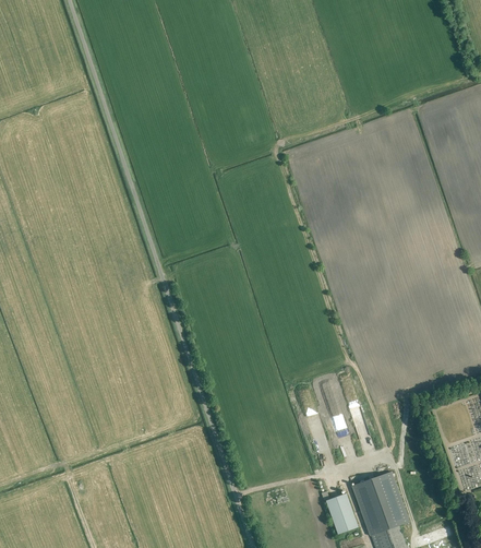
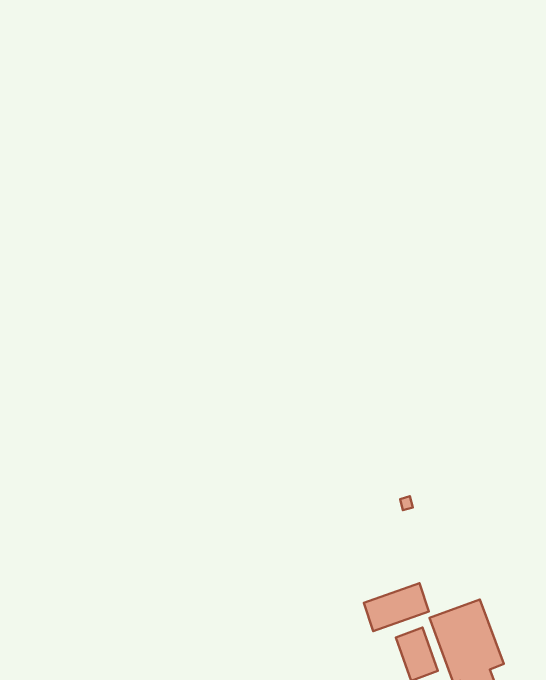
building: none -> [364,583,429,631]

